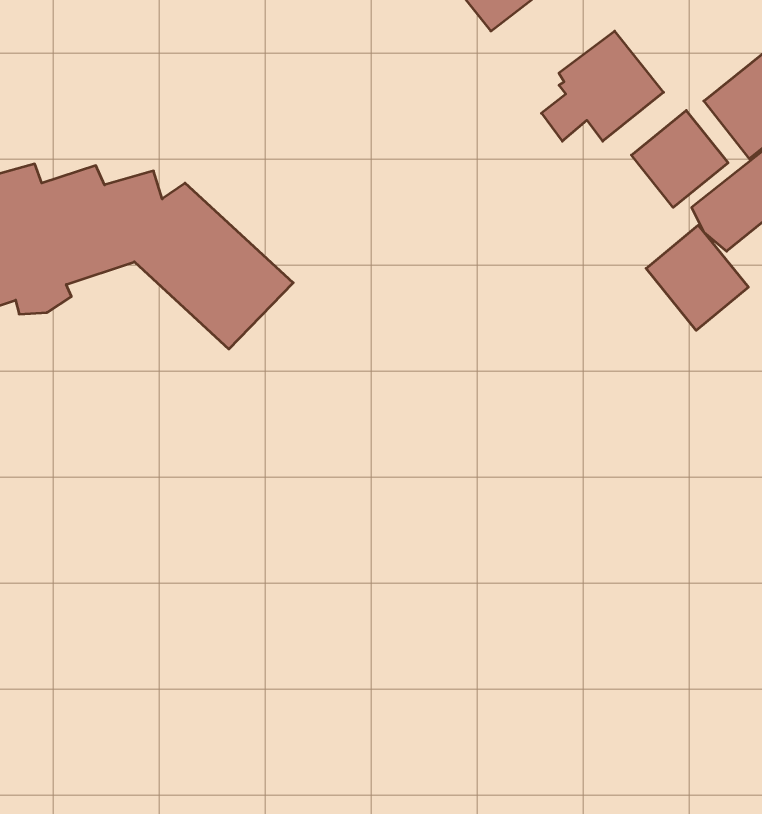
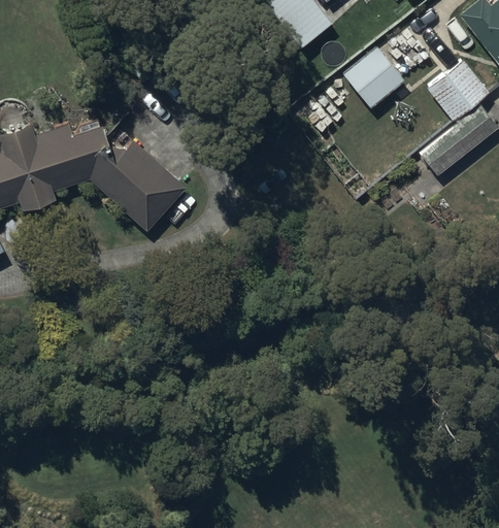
building: [631,110,728,207] -> none
building: [646,225,748,330] -> none

